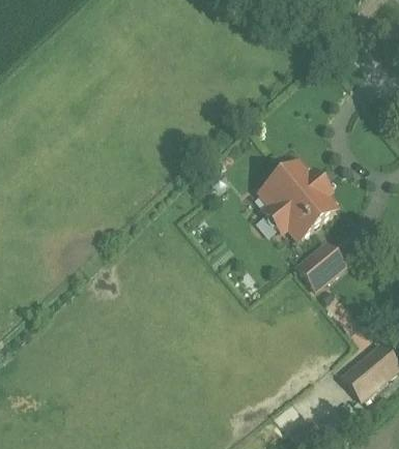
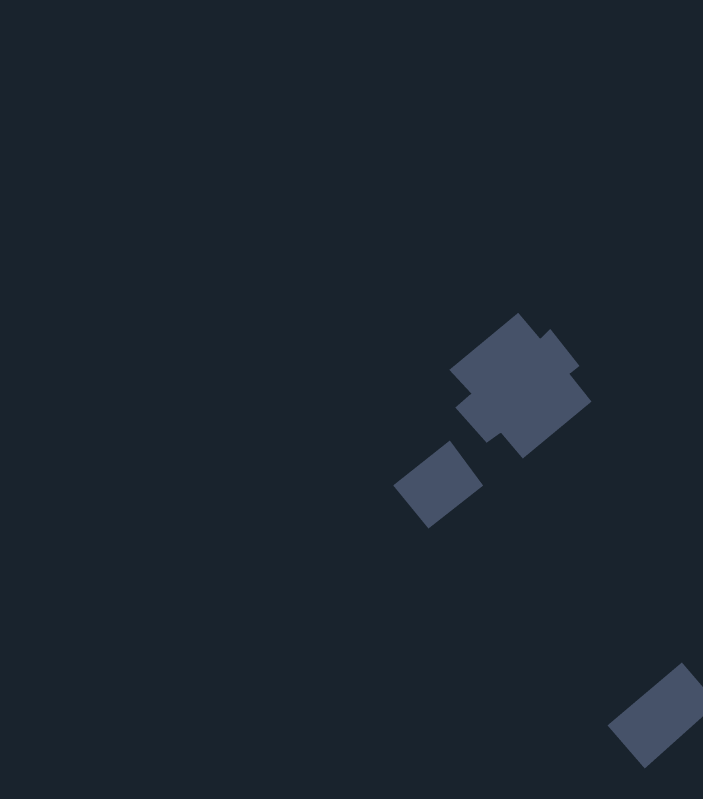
building: [296,243,344,290] -> [392,439,484,529]

